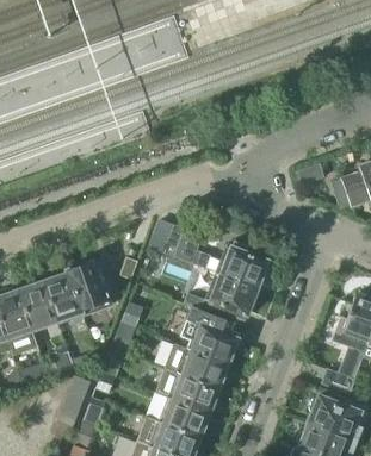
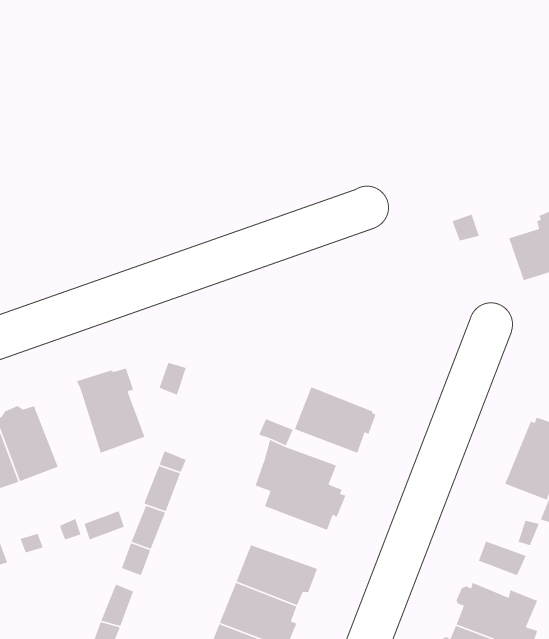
building: [149,219,270,287] -> none
building: [42,273,84,323] -> none
building: [179,348,228,387] -> none

